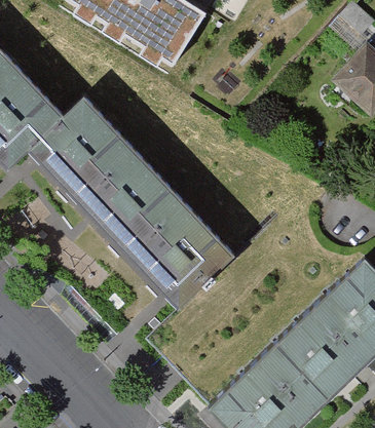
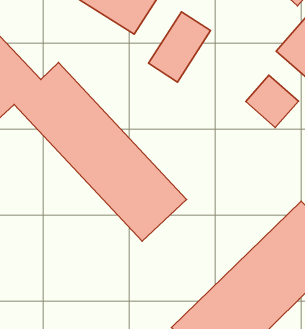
building: none -> [148,12,210,82]
building: none -> [246,75,299,127]

